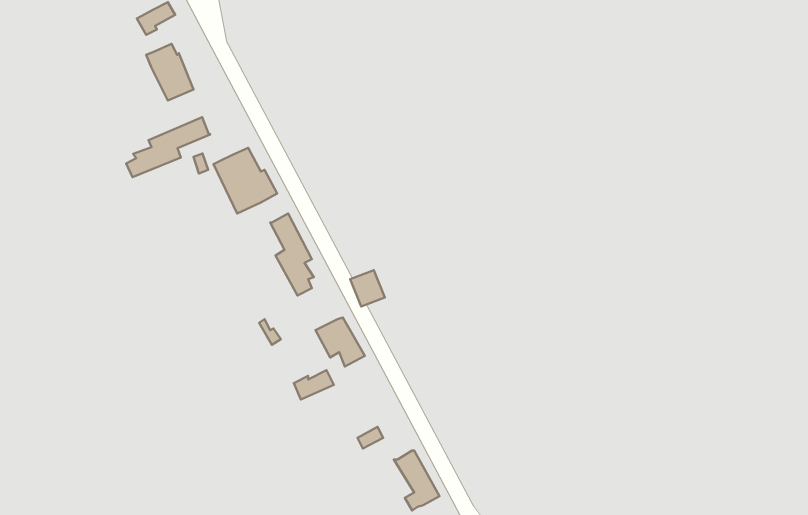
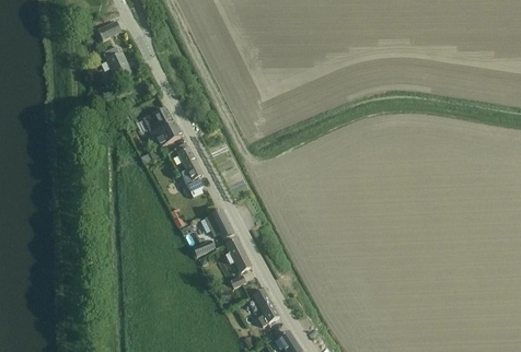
building: [126,117,210,177] -> none
building: none -> [222,237,248,272]

